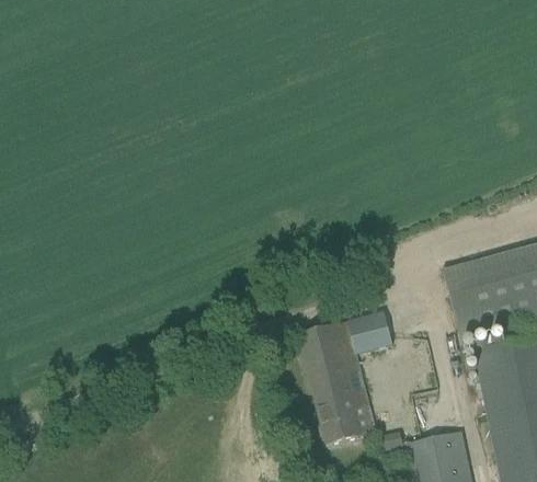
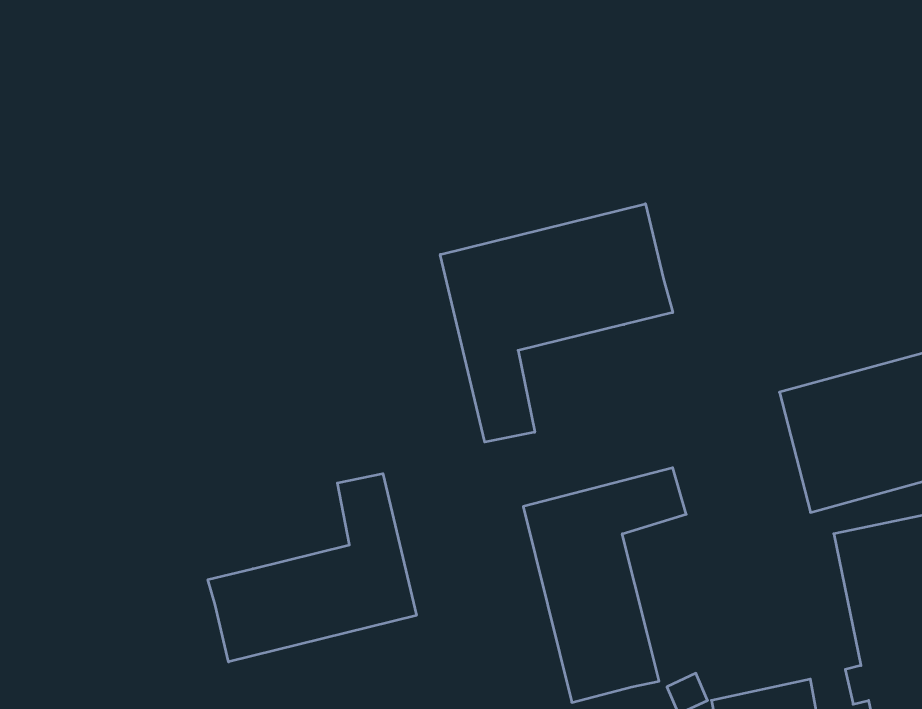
building: none -> [440,204,673,442]
building: none -> [208,474,416,662]

